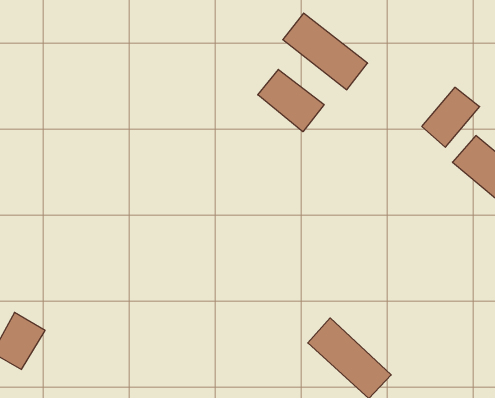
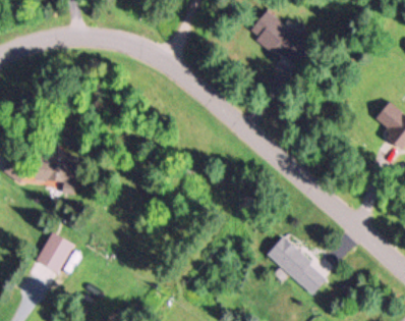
building: [258,69,324,132] -> none
building: [422,87,480,147] -> none

